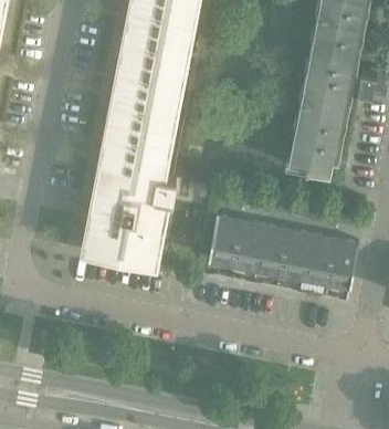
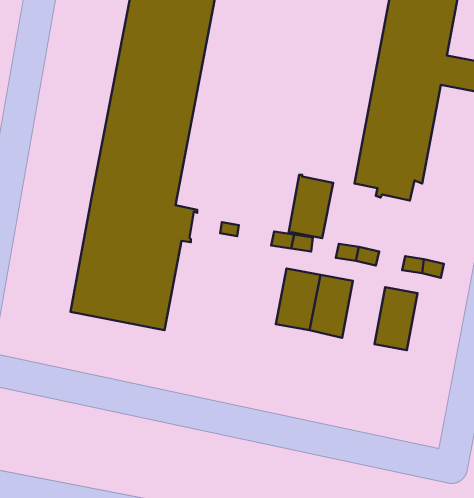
building: [208,224,240,270] -> [288,175,333,238]
building: [280,239,311,284] -> none
building: [326,248,358,294] -> none

